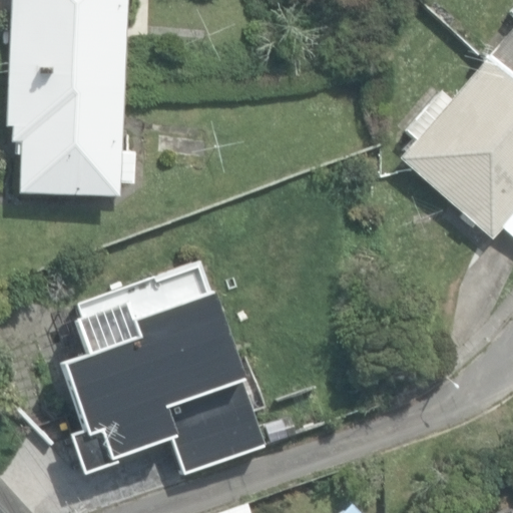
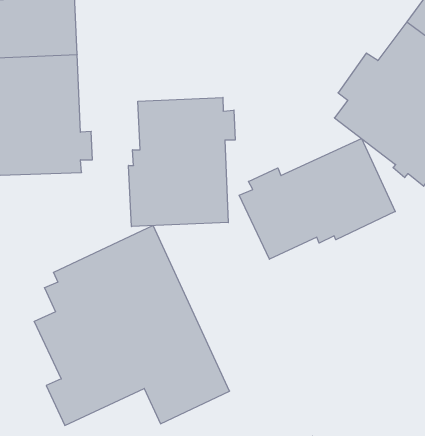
building: none -> [129,97,235,227]
building: none -> [239,138,395,259]

